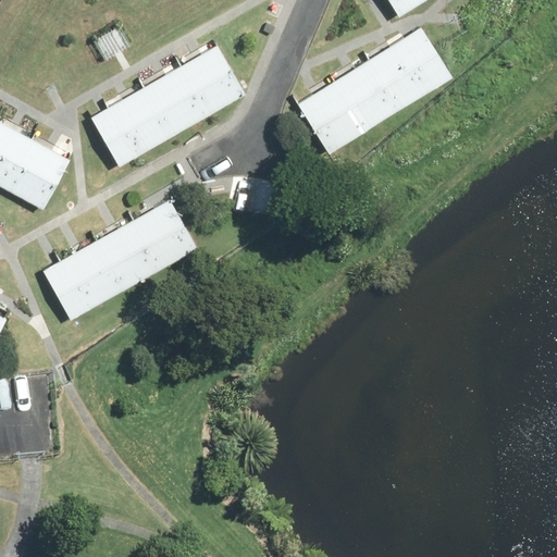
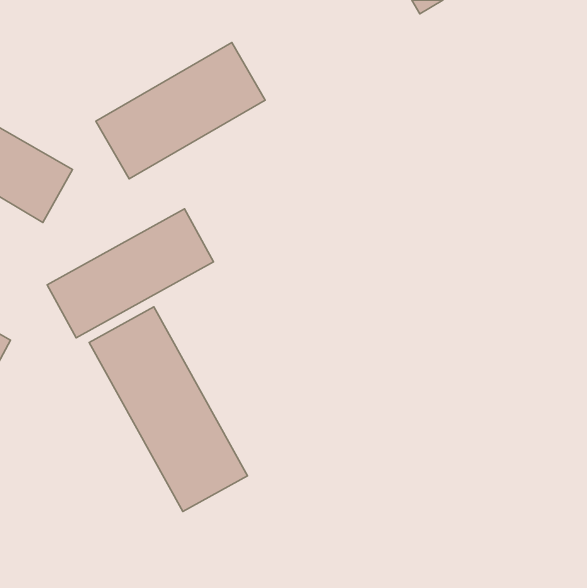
building: [294,30,446,151] -> none
building: none -> [89,307,248,511]

